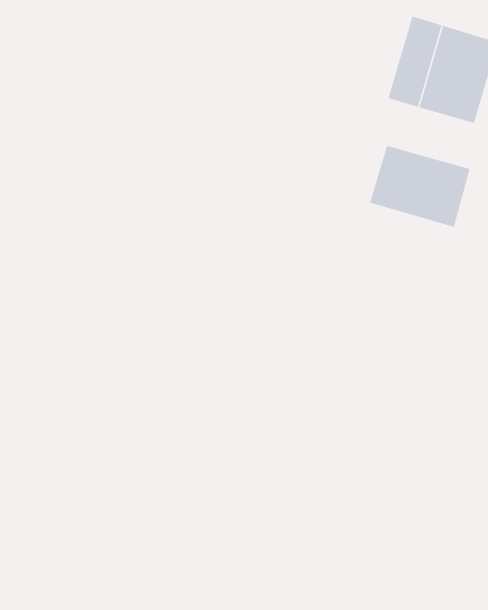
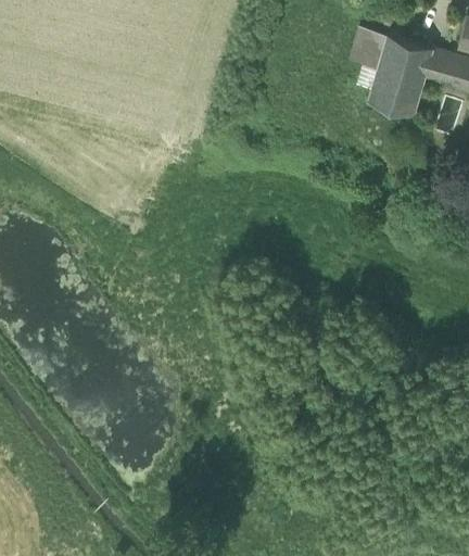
building: [369,145,471,228] -> none

